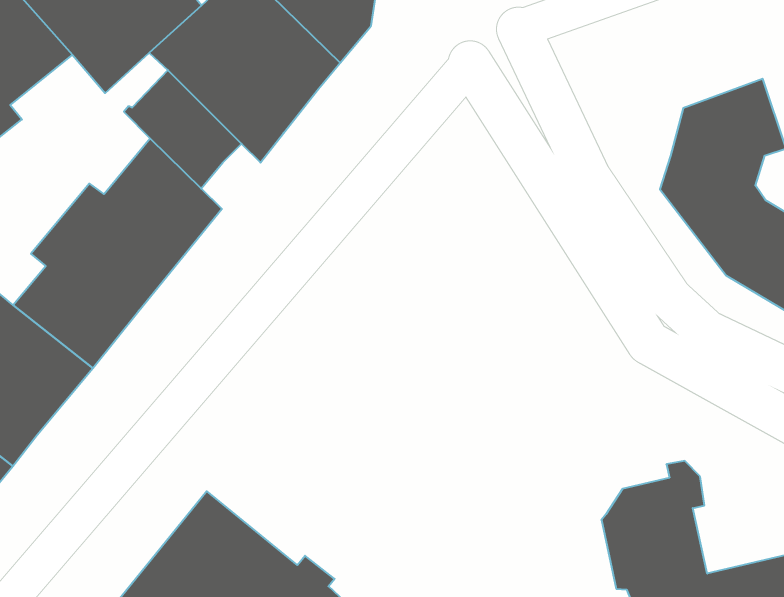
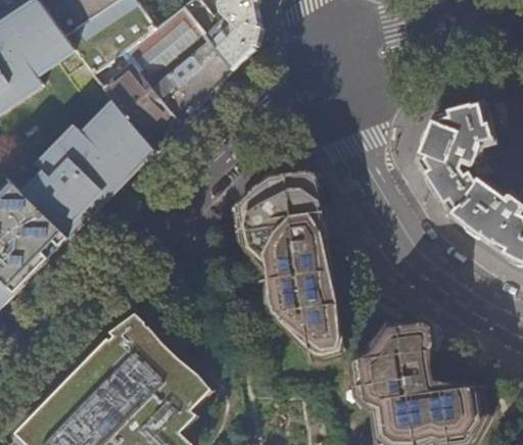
building: none -> [243,178,334,348]

